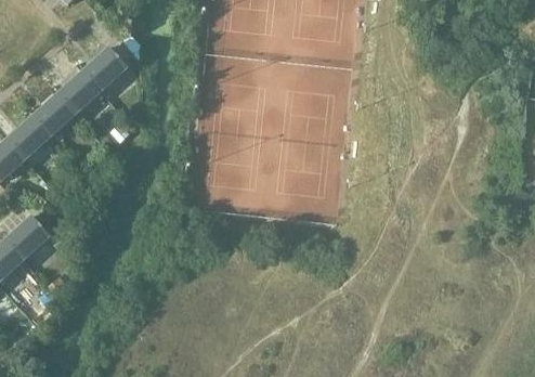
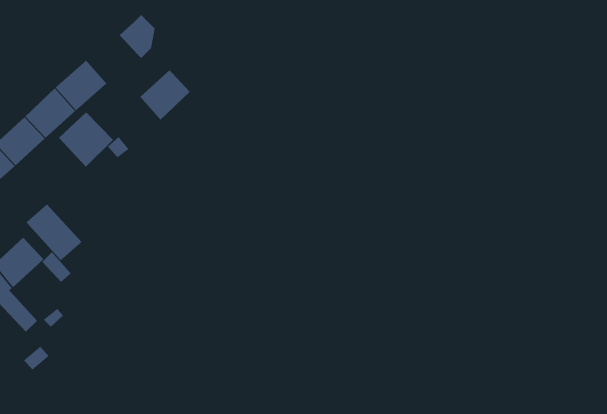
building: [81,49,123,91] -> [139,69,191,121]
building: none -> [58,112,114,168]
building: none -> [25,203,82,261]

